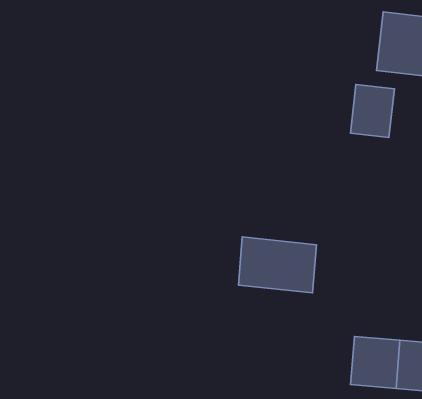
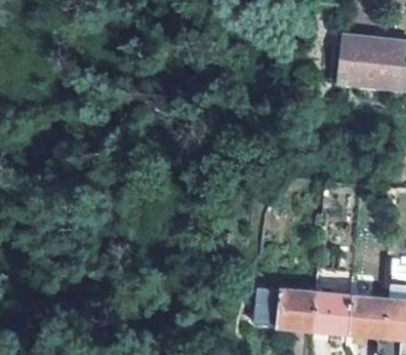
building: [350,84,394,138] -> none
building: [238,237,317,293] -> [256,286,318,330]

